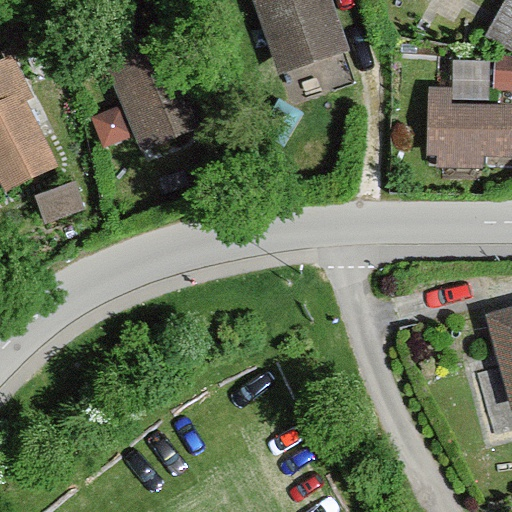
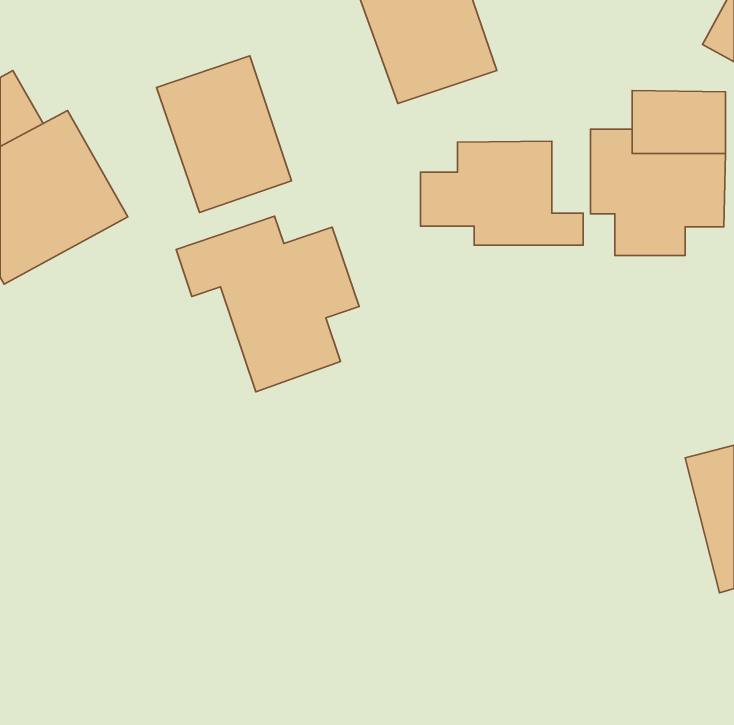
building: none -> [421,141,583,245]
building: none -> [176,216,359,392]

